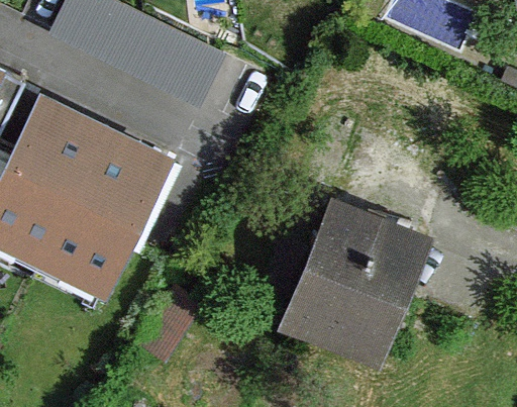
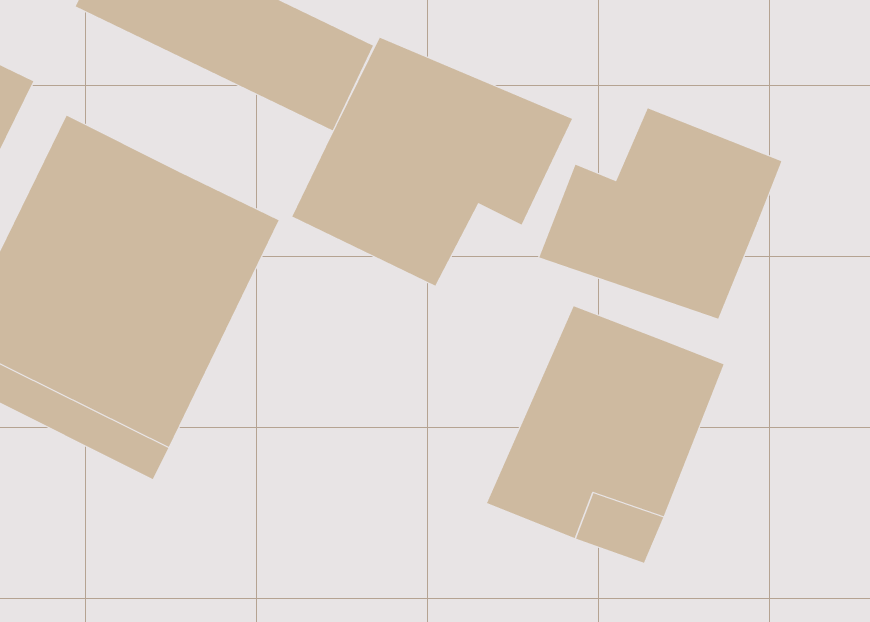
building: none -> [291,37,573,286]
building: none -> [539,108,782,319]

